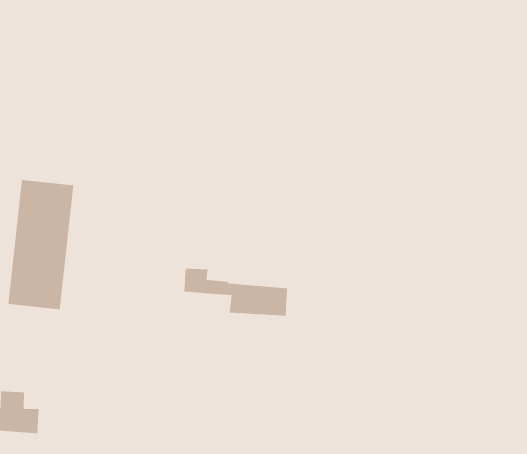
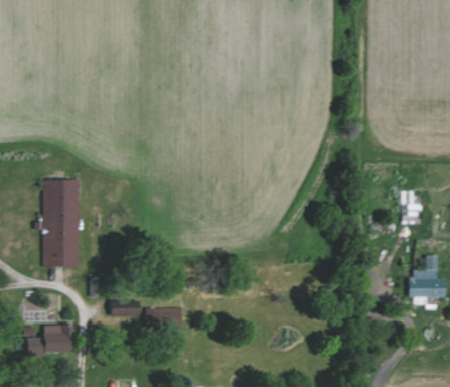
building: [184,268,288,316] -> [110,300,182,329]

